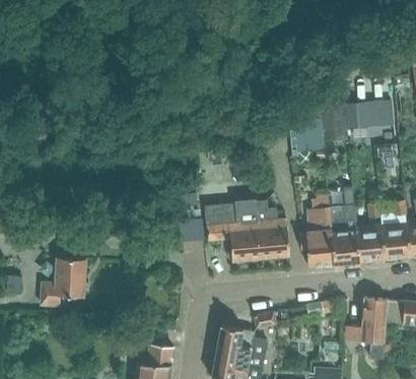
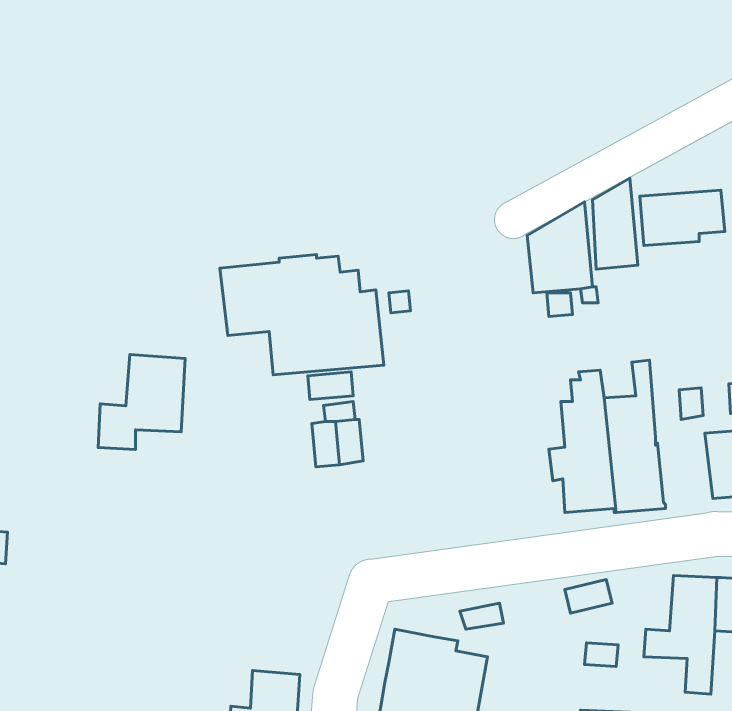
building: [205,200,289,262] -> [220,254,384,375]
building: [355,226,385,262] -> none
building: [42,257,86,306] -> [98,355,185,449]

